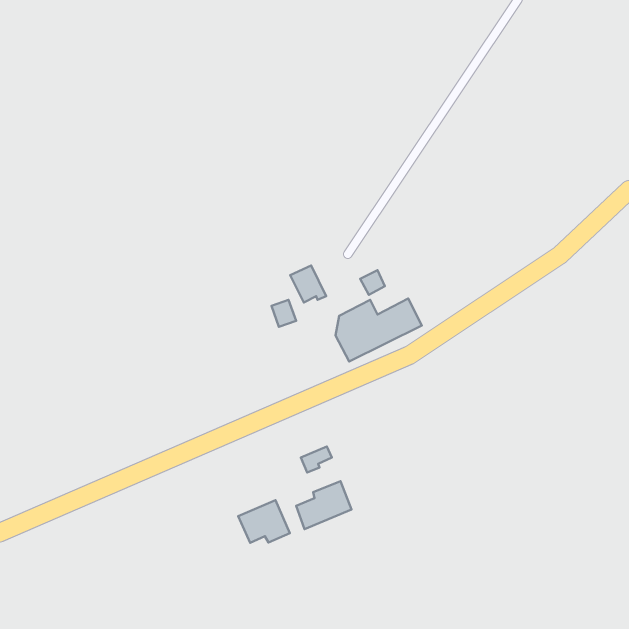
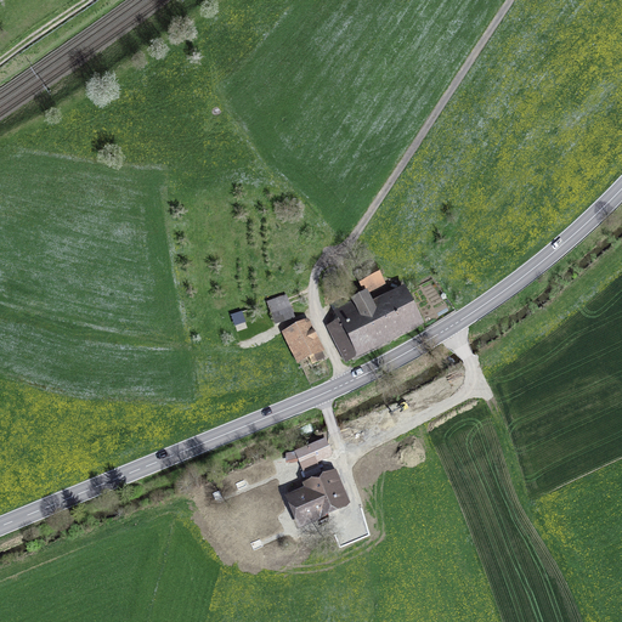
building: [290,265,326,302] -> [285,323,321,360]
building: [238,500,290,543] -> none

